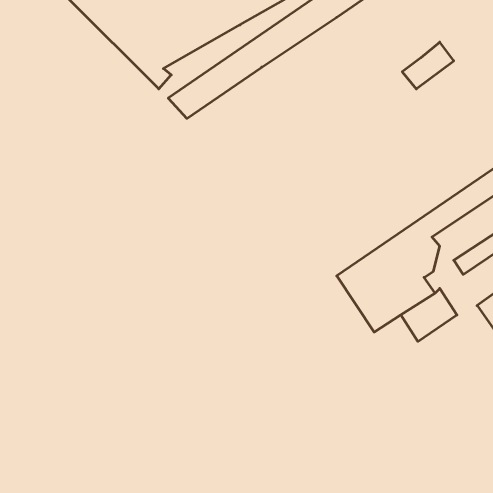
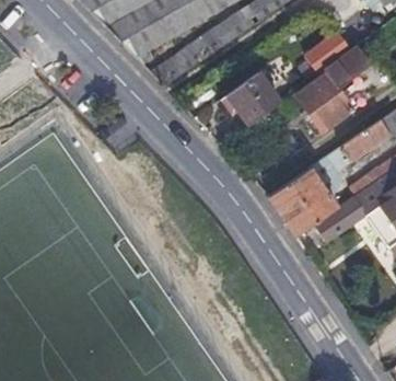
building: none -> [298,48,361,129]
building: none -> [228,70,282,124]

